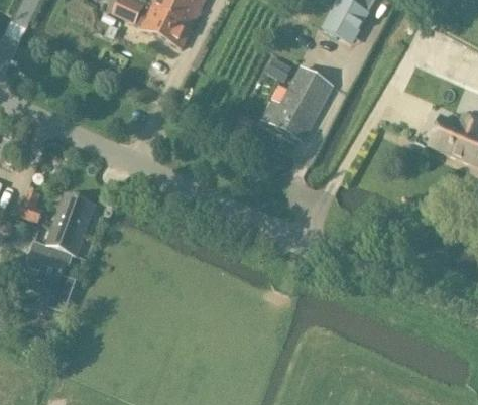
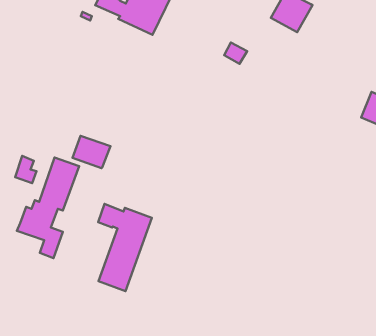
building: [261,66,332,139] -> none
building: none -> [73,136,111,168]
building: none -> [98,204,152,291]

